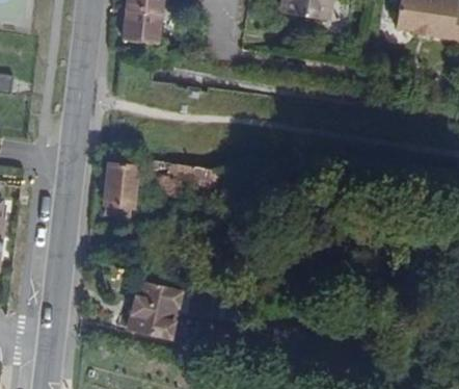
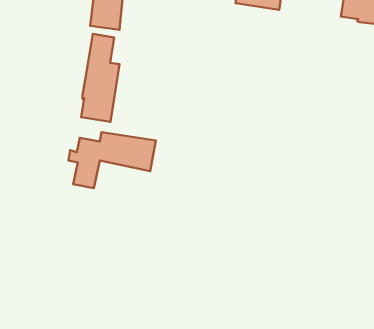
building: none -> [81,34,120,122]
building: [129,282,181,337] -> none

